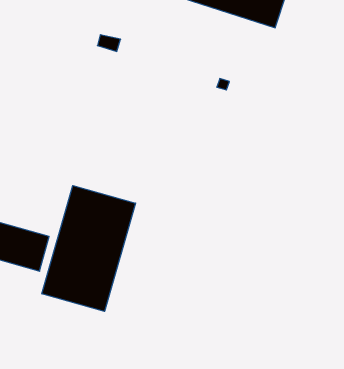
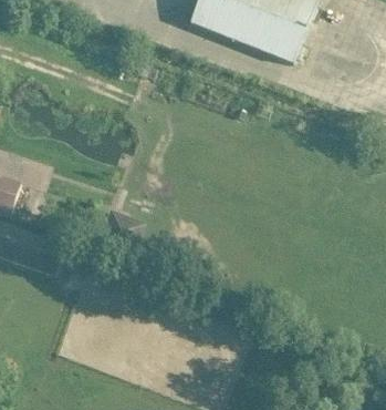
building: [42,186,136,311] -> none

